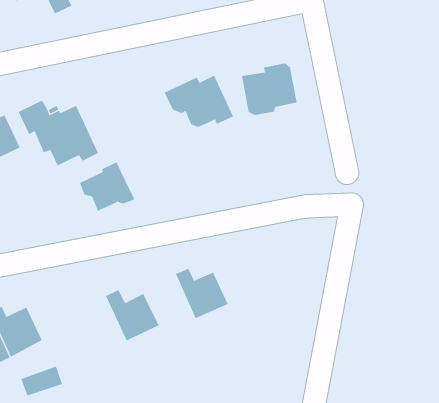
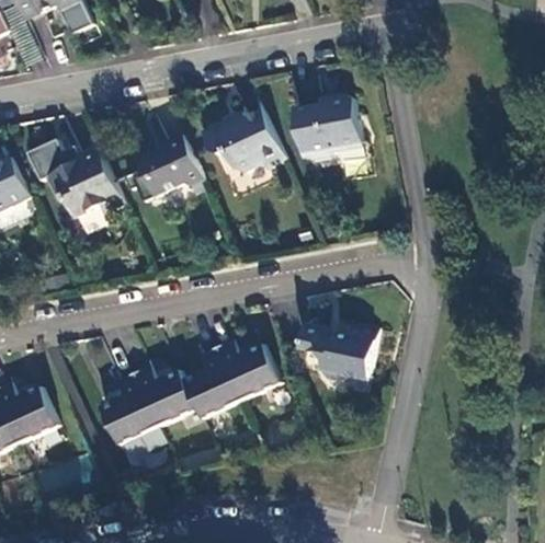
building: [79,162,135,211] -> [138,134,205,193]
building: none -> [299,323,376,381]
building: none -> [182,345,239,417]
building: none -> [100,371,163,449]

